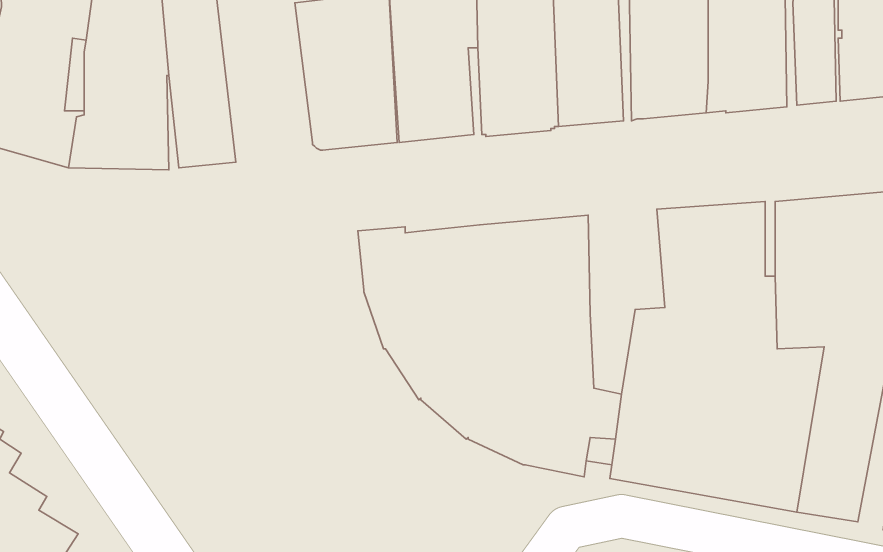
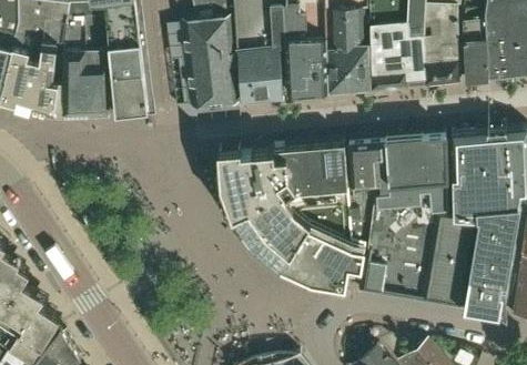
building: none -> [347,139,389,243]

